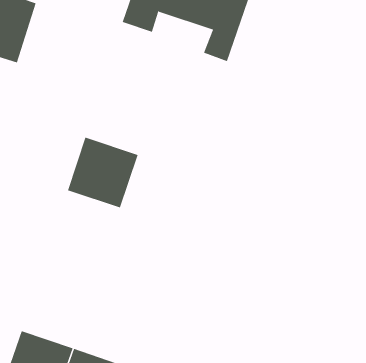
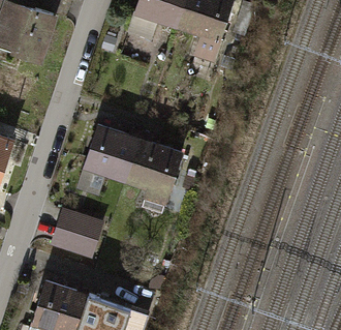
building: none -> [126,140,184,206]
building: none -> [51,209,103,261]

